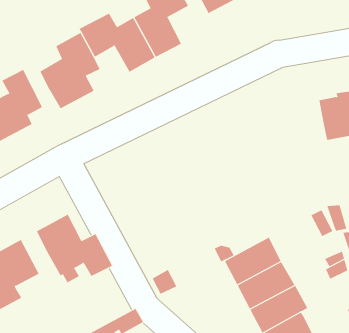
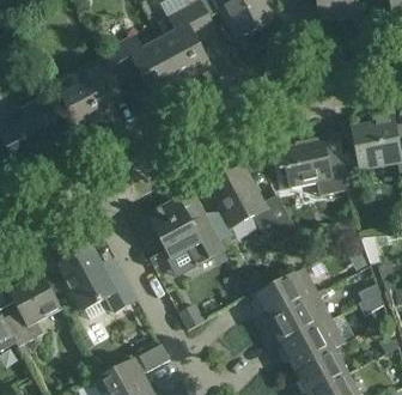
building: none -> [275,139,349,194]
building: none -> [206,164,297,242]
building: none -> [147,194,225,265]

